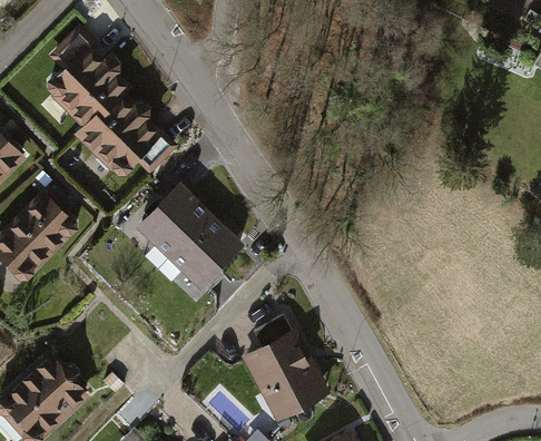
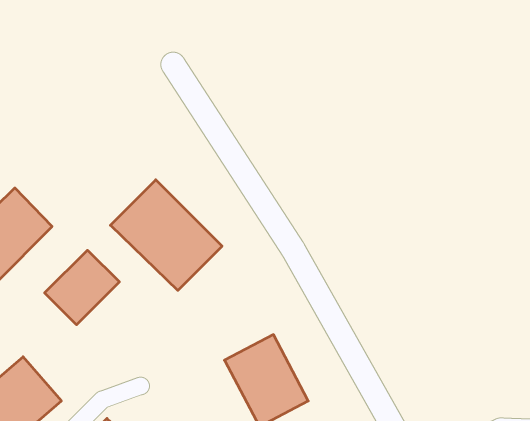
building: [50,30,184,179] -> none
building: none -> [45,250,119,325]

